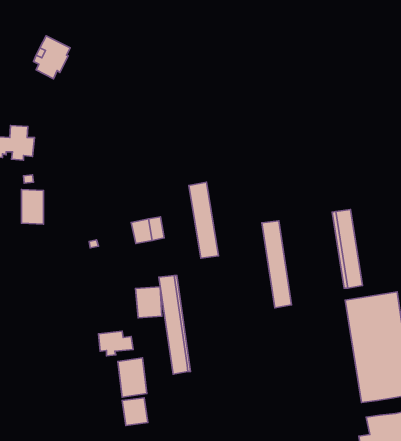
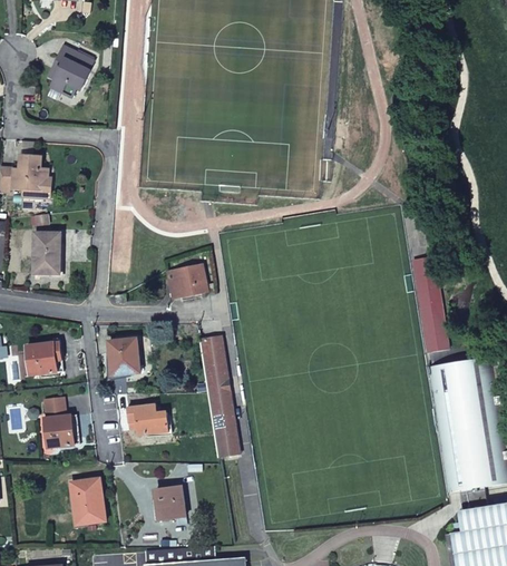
building: [189,182,219,258] -> none
building: [262,221,292,308] -> none
building: none -> [25,339,62,375]
building: [135,287,162,318] -> [107,338,139,375]
building: none -> [43,396,80,448]
building: [118,358,147,397] -> [70,477,106,525]

